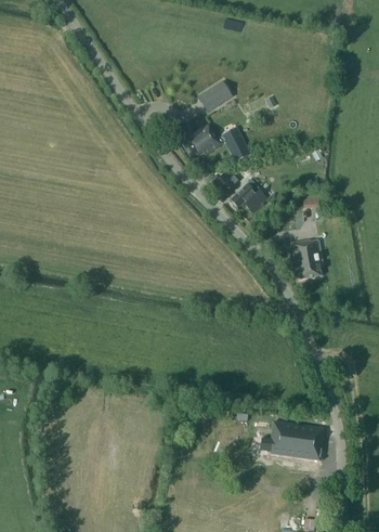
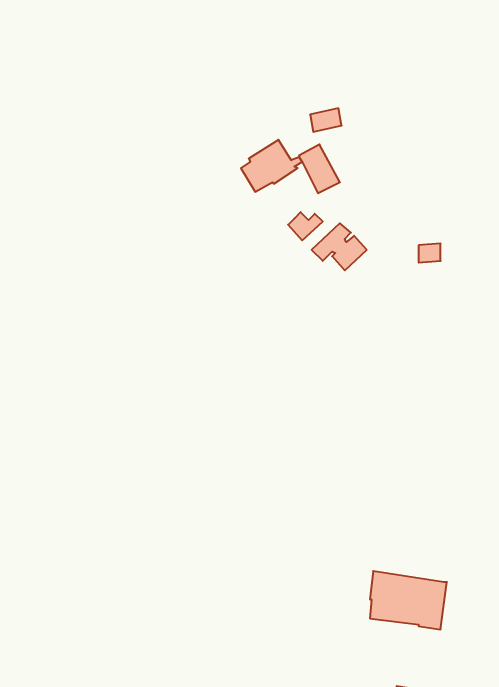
building: [198,81,231,111] -> none
building: [290,241,322,278] -> none

